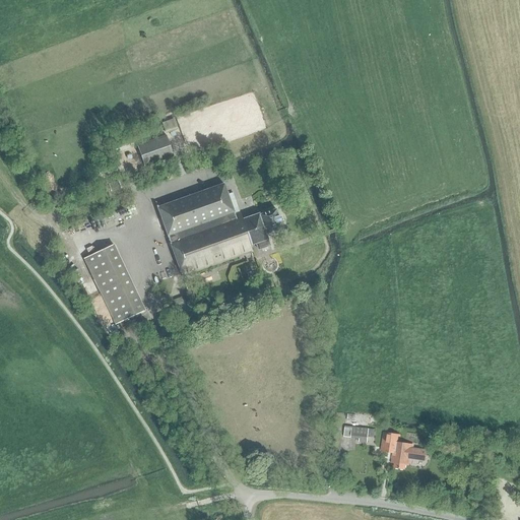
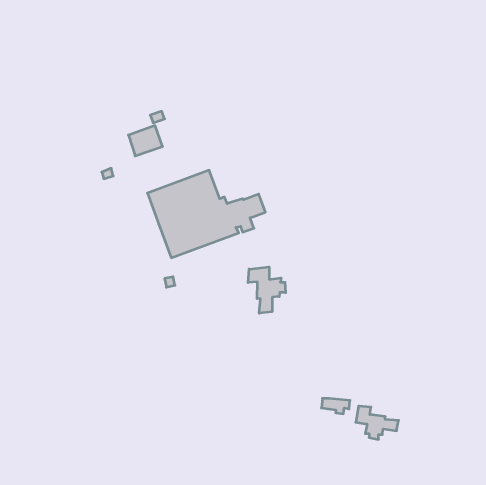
building: [83,244,144,324] -> none
building: none -> [248,267,286,313]

